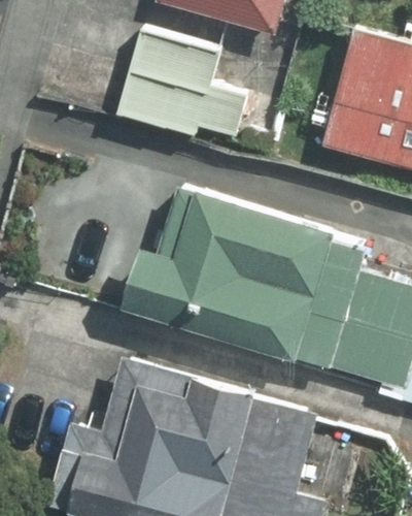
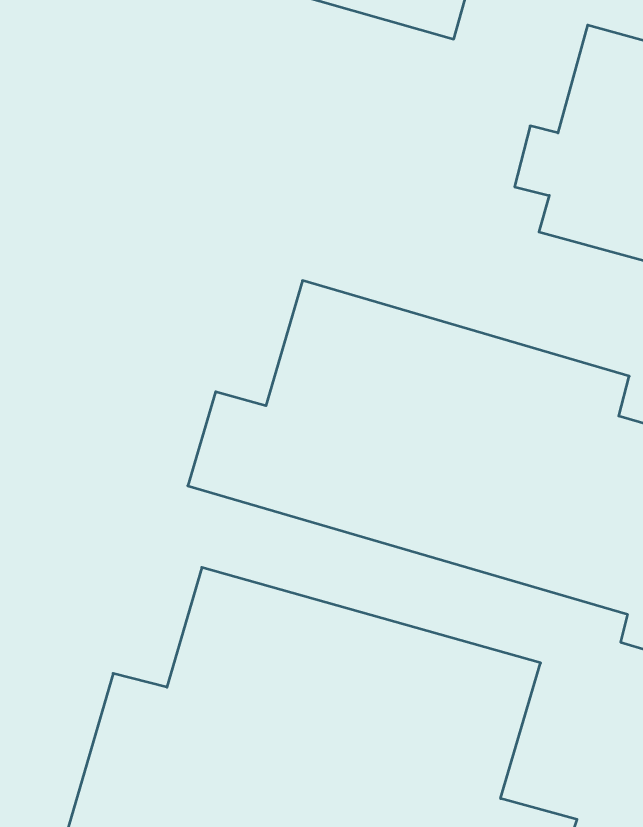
building: [113,23,260,142] -> none

